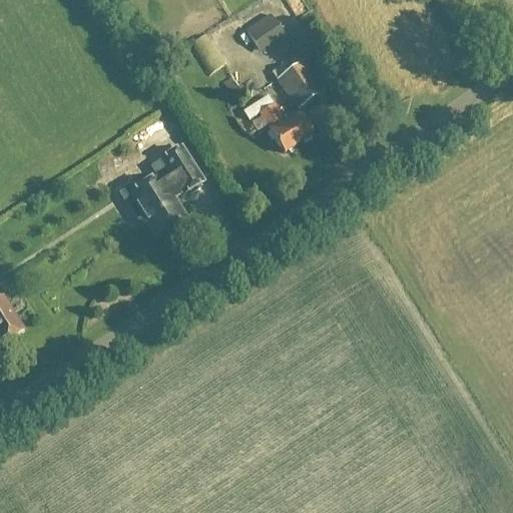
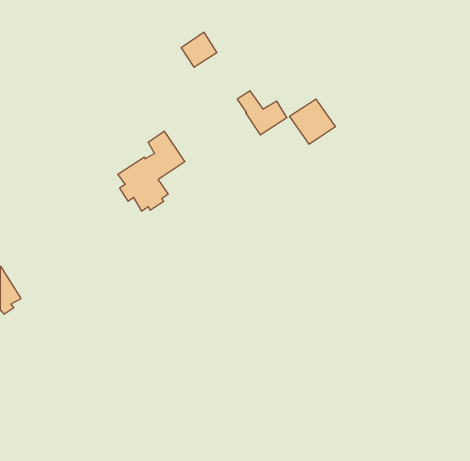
building: [244,10,284,48] -> [181,32,217,67]
building: [276,55,326,104] -> [289,99,335,144]

